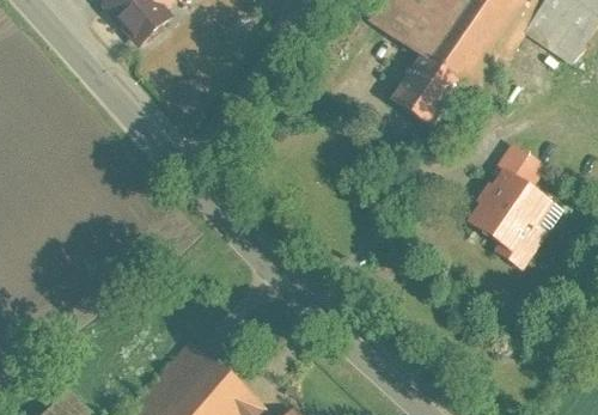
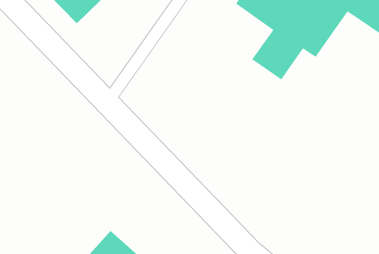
building: [465,140,565,269] -> none

